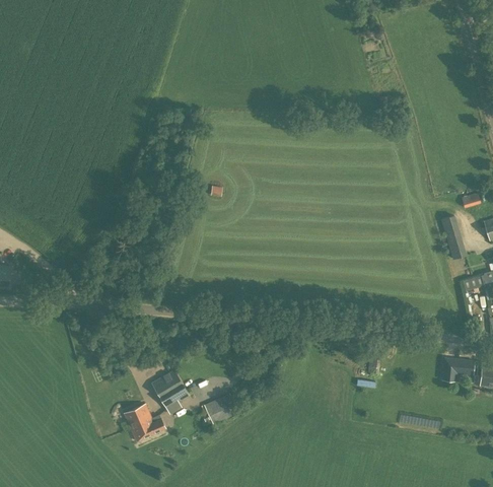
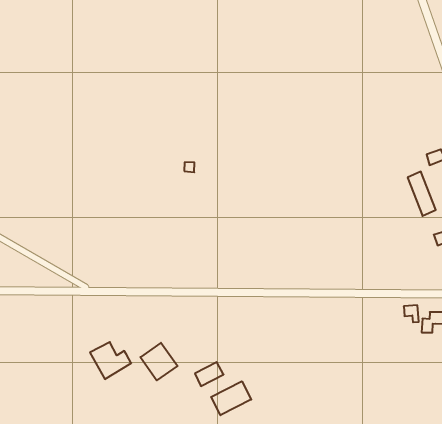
building: [125,404,166,441] -> [90,342,131,379]
building: none -> [211,381,251,415]

